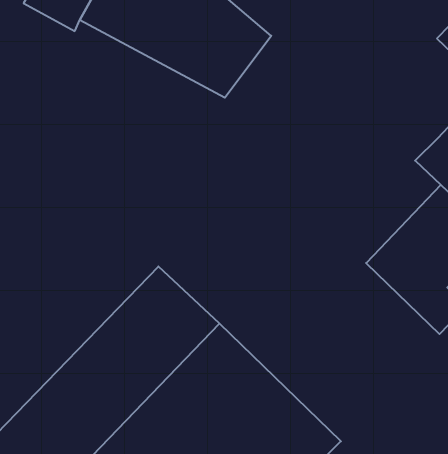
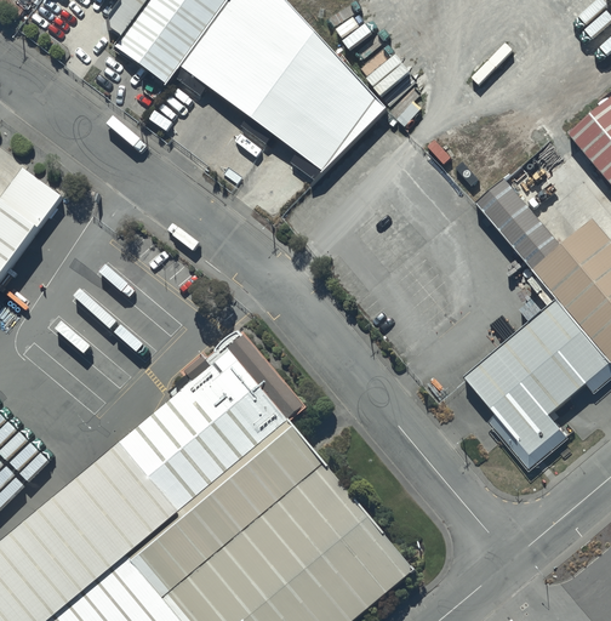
building: none -> [480,183,558,267]

